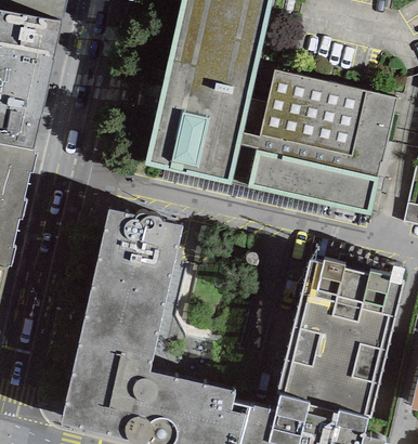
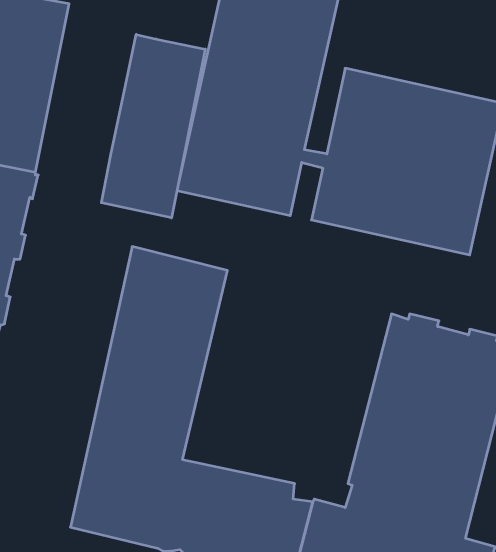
building: none -> [101,34,205,218]

